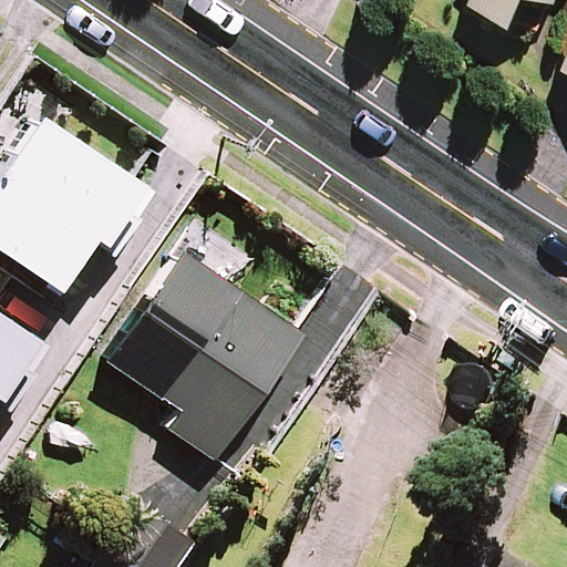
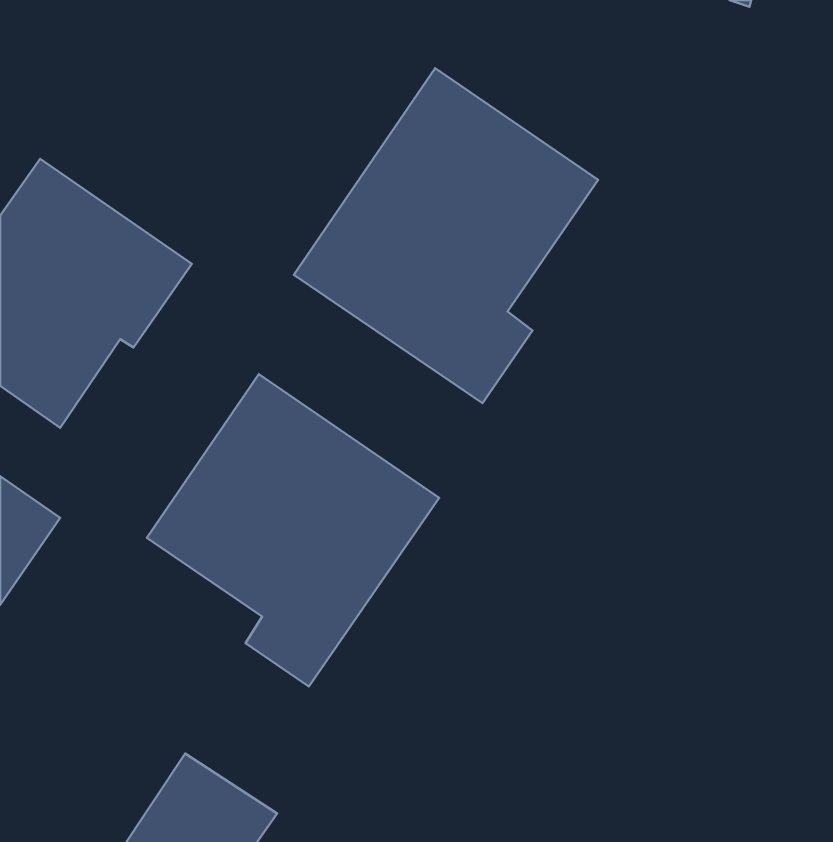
building: none -> [294,68,598,403]

